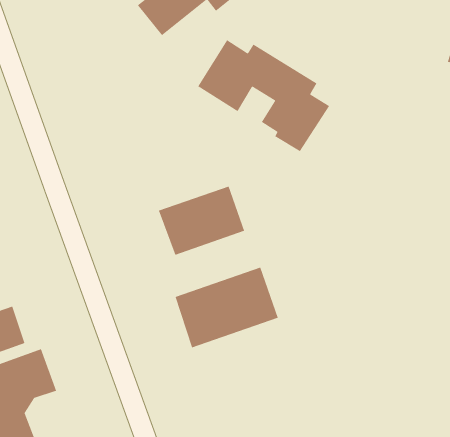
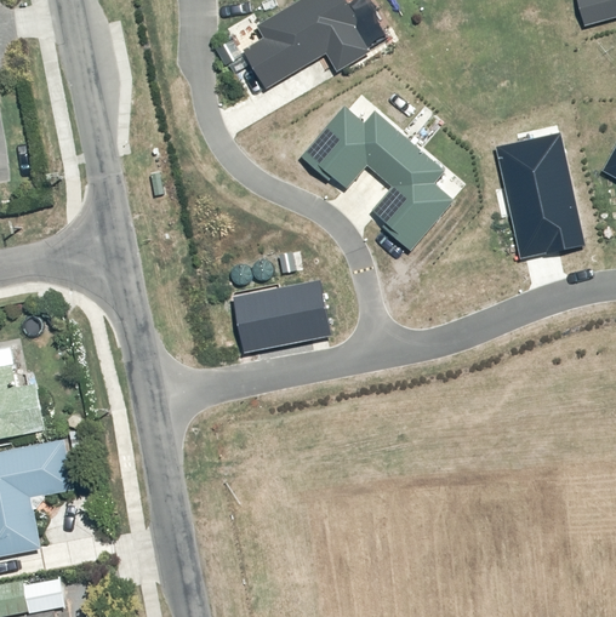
building: none -> [495,132,586,263]
building: [175,267,279,349] -> none

